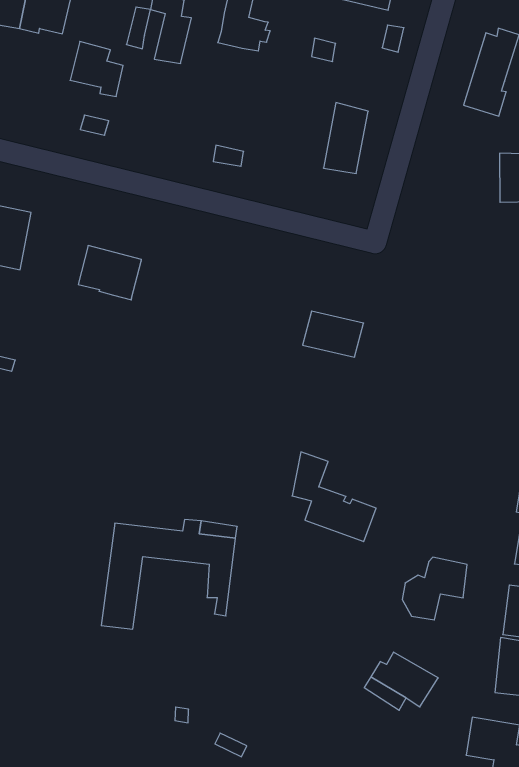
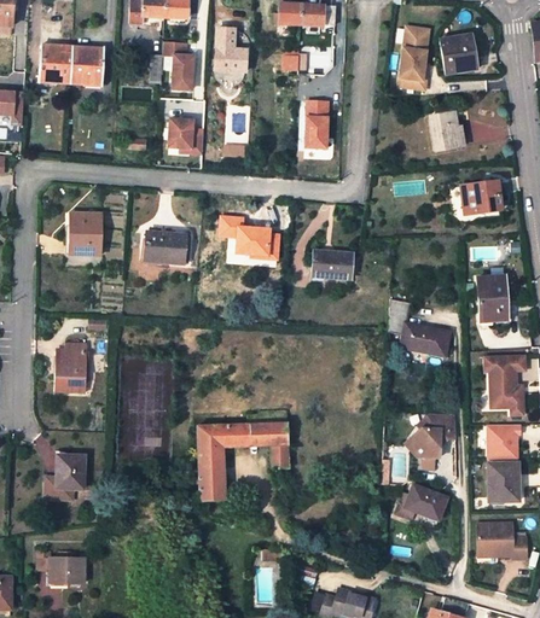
building: [70,41,123,96] -> [168,118,204,153]
building: none -> [221,226,272,255]
building: [292,452,376,542] -> [389,299,451,356]

